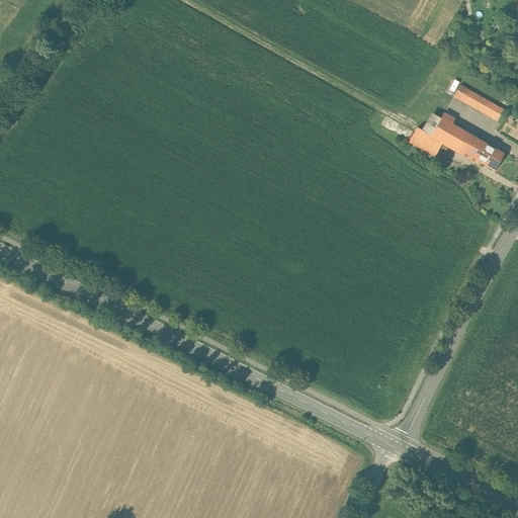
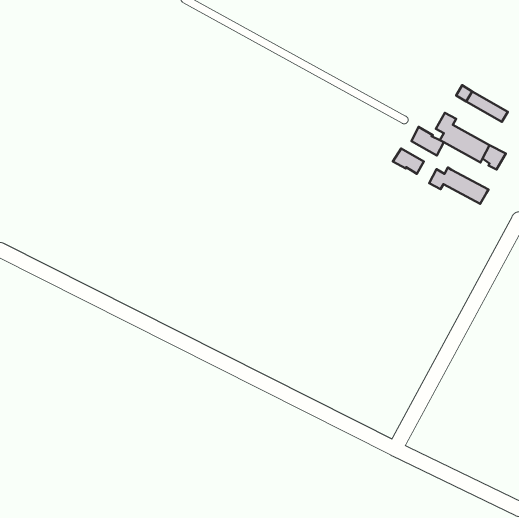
building: none -> [393,149,424,174]
building: none -> [429,167,488,204]

